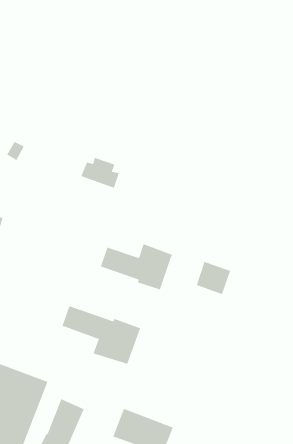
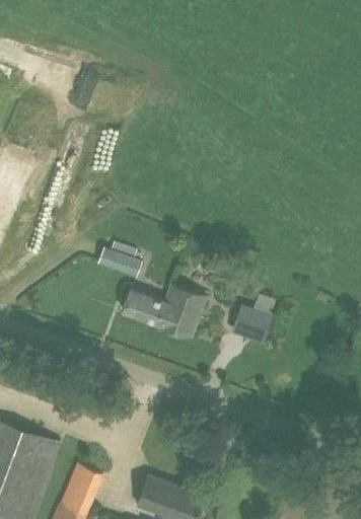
building: [80,157,120,189] -> [97,243,143,280]
building: [61,305,141,365] -> none

